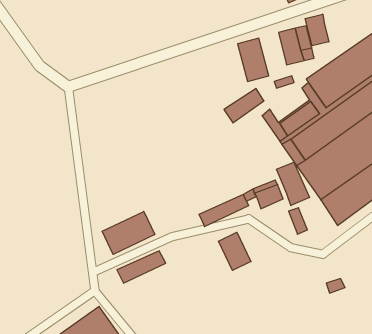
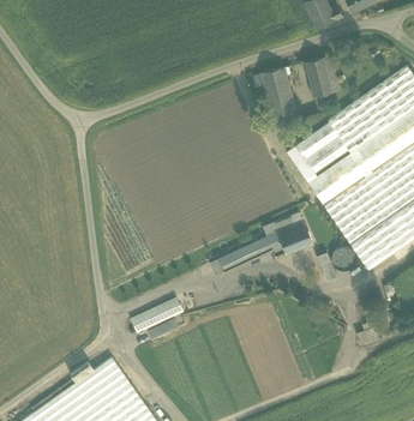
building: [305,14,329,46] -> none
building: [224,89,264,123] -> [295,121,338,158]
building: [276,162,309,206] -> none
building: [102,211,155,254] -> none
building: [219,232,251,270] -> none

